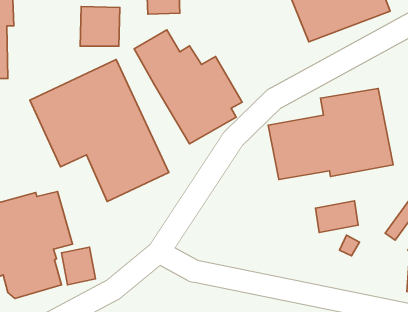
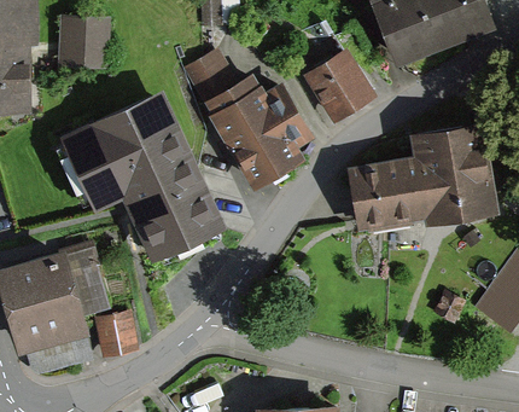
building: [80,6,120,46] -> [58,21,106,69]
building: none -> [303,48,377,123]
building: [315,201,358,233] -> none

